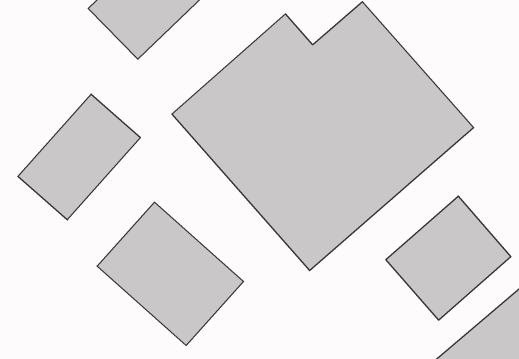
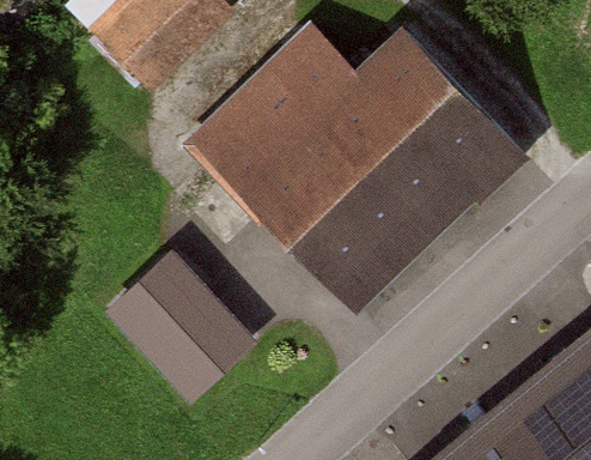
building: [18,94,140,220] -> none
building: [386,196,511,320] -> none

